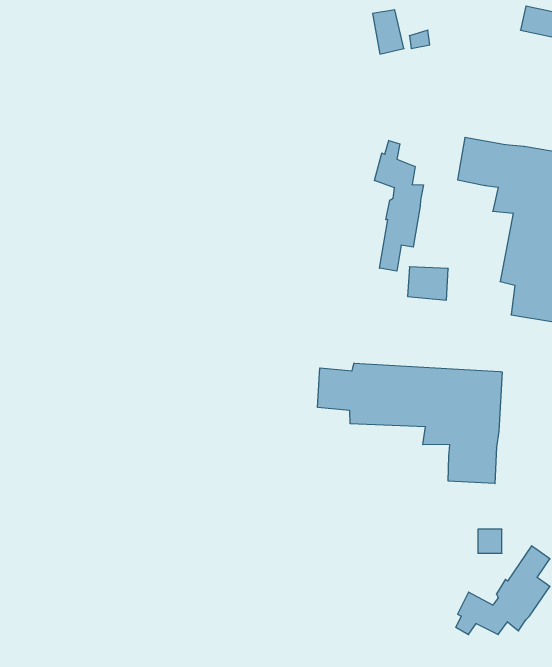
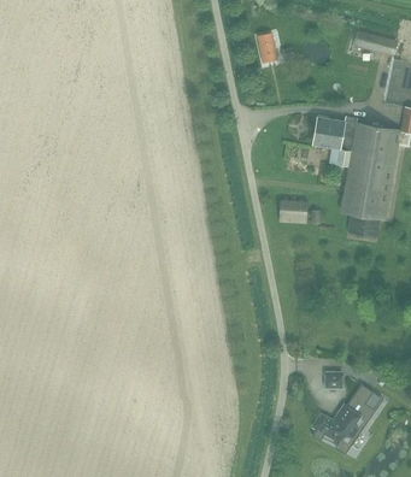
building: [374,140,423,271] -> none
building: [318,363,502,484] -> none

